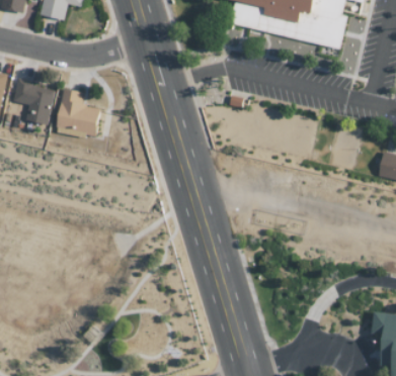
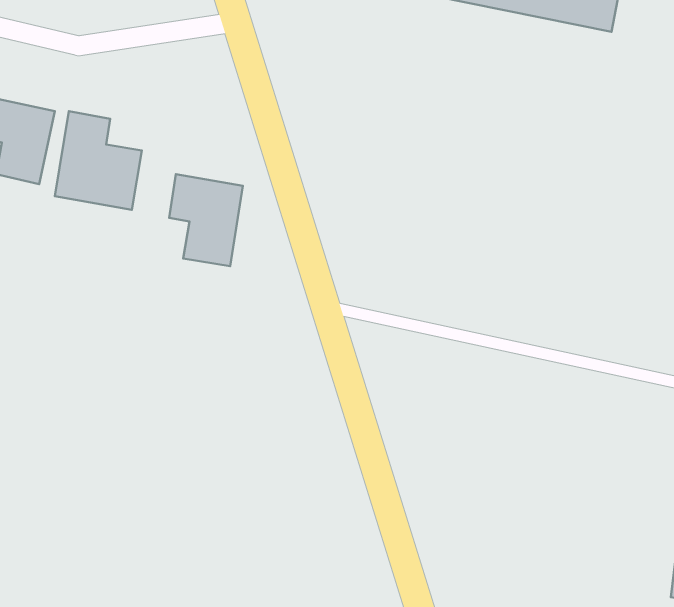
building: none -> [169,174,243,266]

